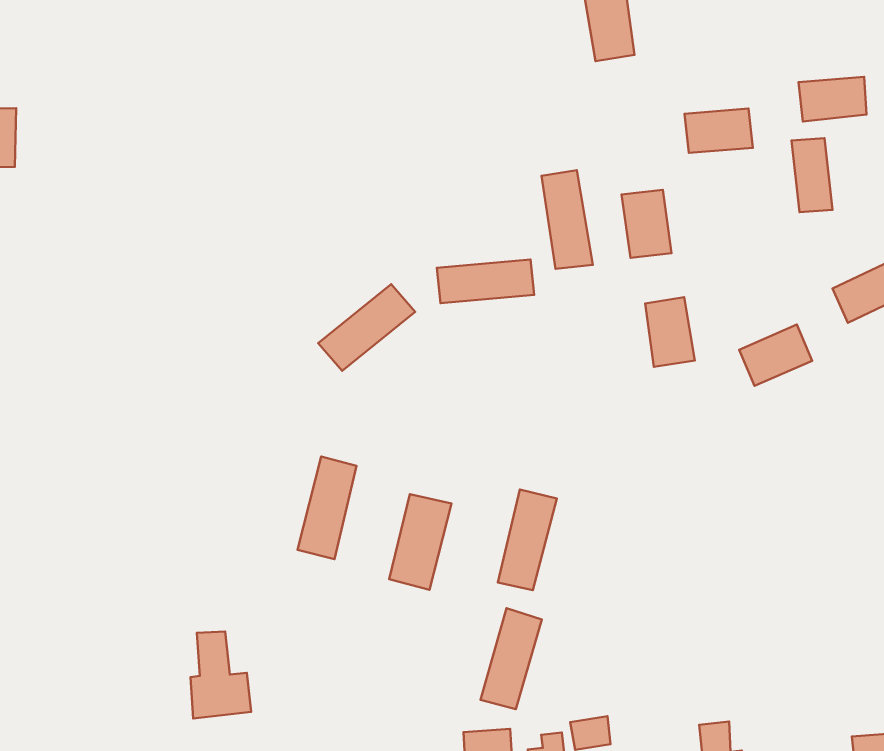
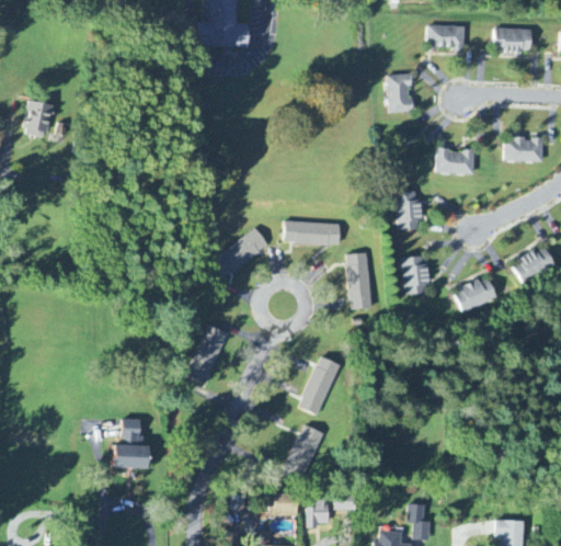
building: [792,138,832,212] -> none
building: [541,170,593,269] -> [346,252,370,308]
building: [389,494,451,590] -> none

